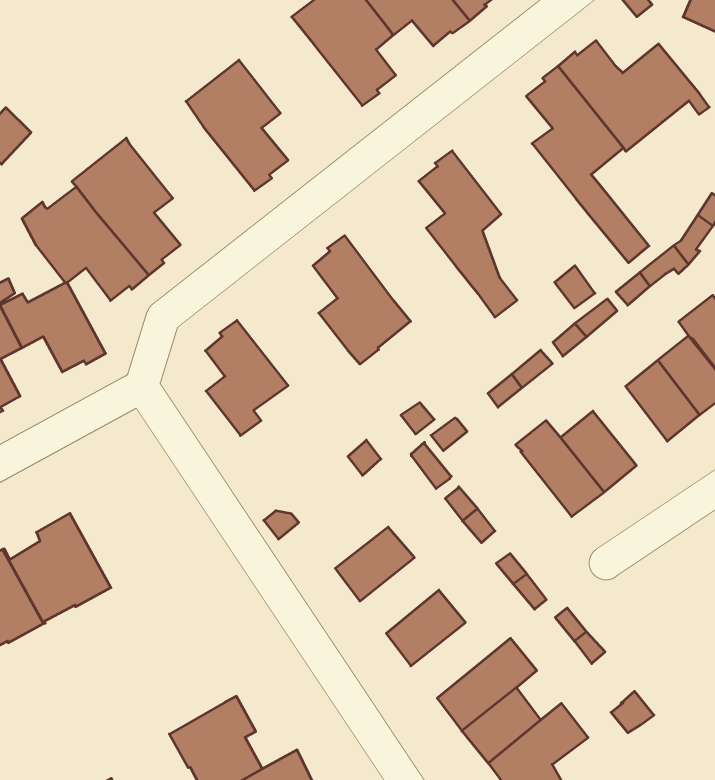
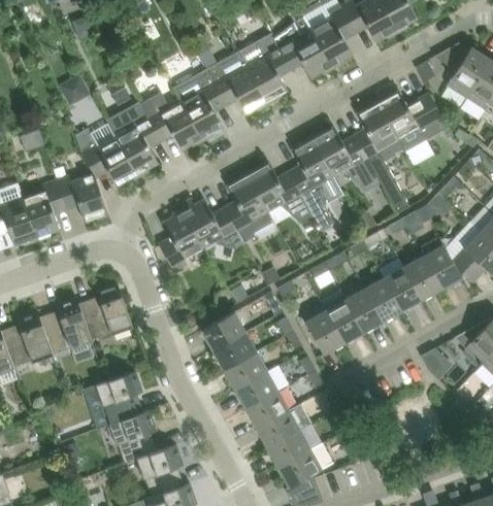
building: none -> [206,52,268,115]
building: none -> [140,93,203,151]
building: none -> [313,127,380,190]
building: none -> [248,163,314,223]
building: none -> [183,199,244,248]
building: none -> [365,278,402,322]
building: none -> [302,304,344,355]
building: none -> [76,283,133,341]
building: none -> [202,312,245,350]
building: none -> [224,351,267,390]
building: none -> [245,391,289,429]
building: none -> [83,371,143,430]

